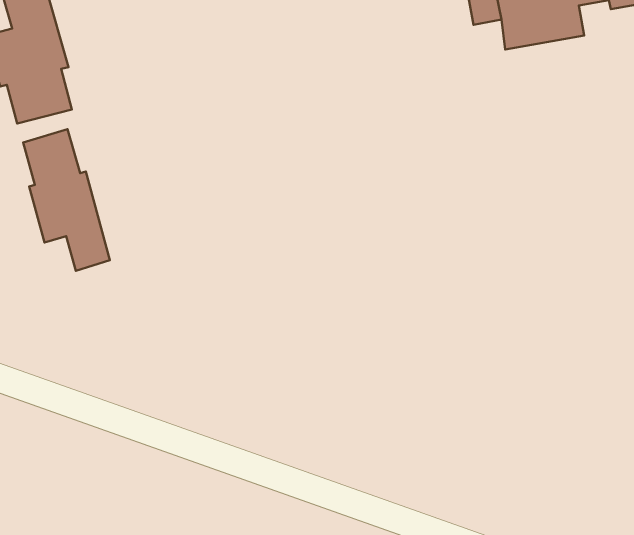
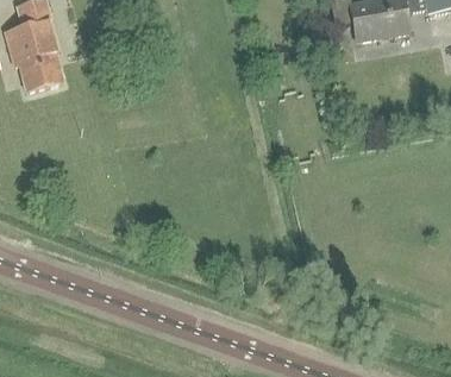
building: [23,129,110,271] -> none

